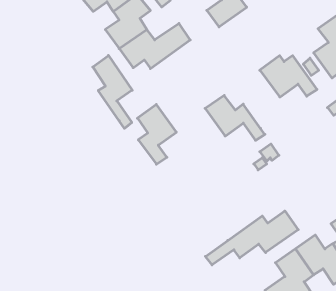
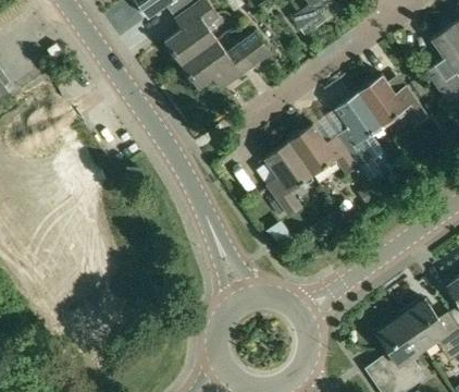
building: [93,55,132,128] -> none
building: none -> [334,93,382,166]
building: [137,104,176,164] -> [264,140,313,216]
building: [205,211,298,265] -> none

